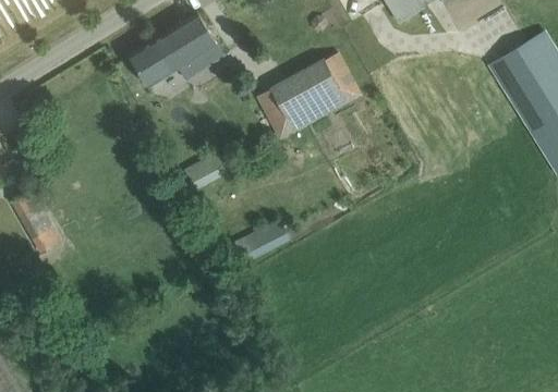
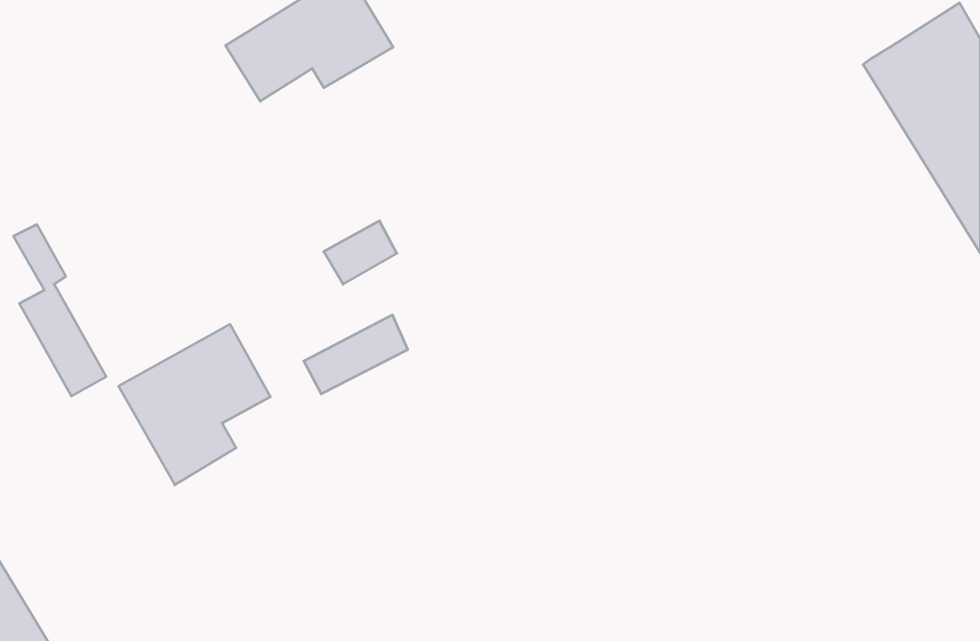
building: [257,52,361,138] -> none
building: none -> [119,324,270,485]
building: [229,220,288,265] -> [304,315,408,394]

